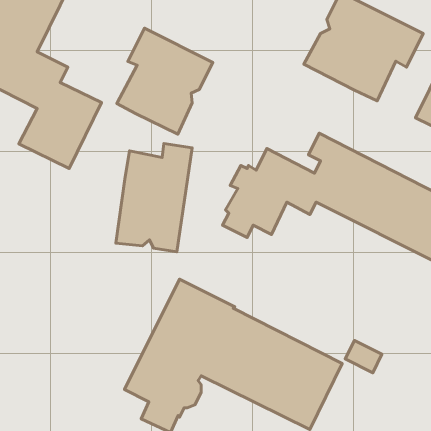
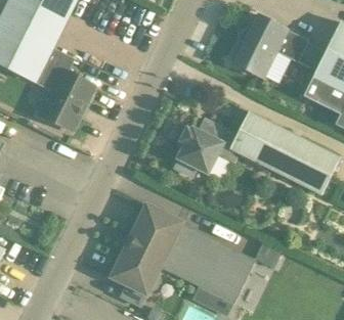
building: [117,28,213,134] -> none
building: [116,144,192,252] -> none

